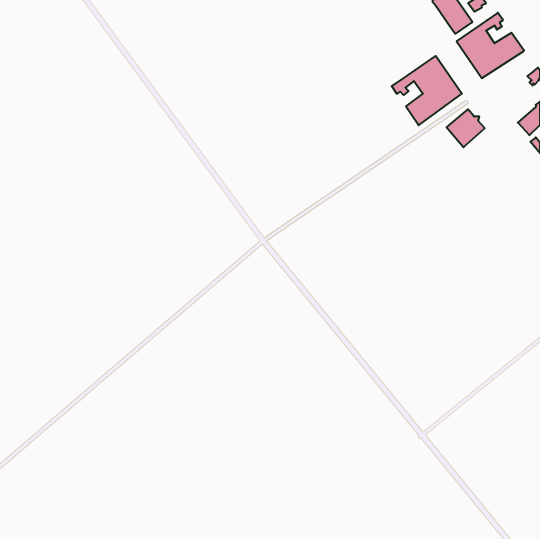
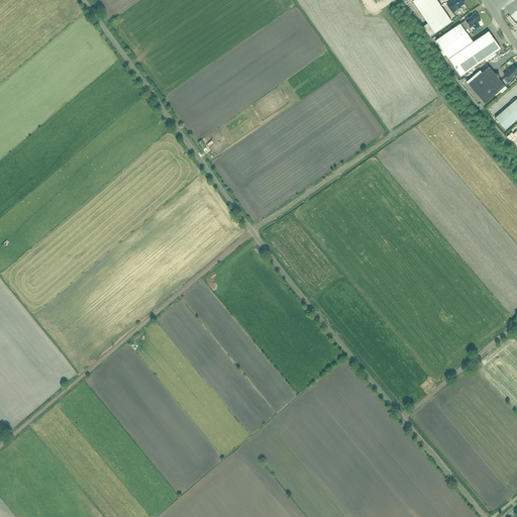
building: [392,56,462,125] -> none
building: [447,109,485,147] -> [469,67,505,103]

